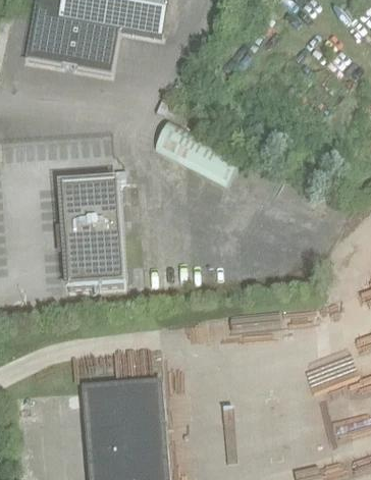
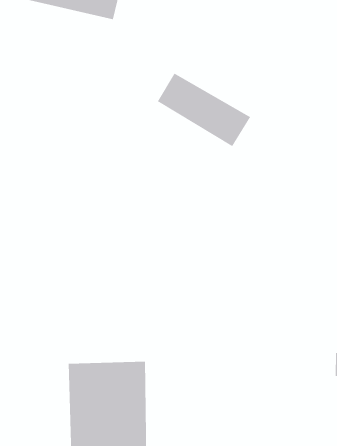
building: [61,179,123,284] -> none

